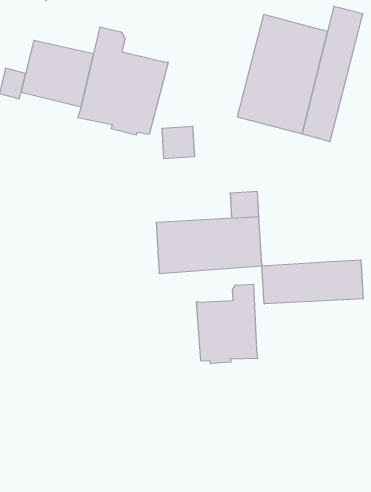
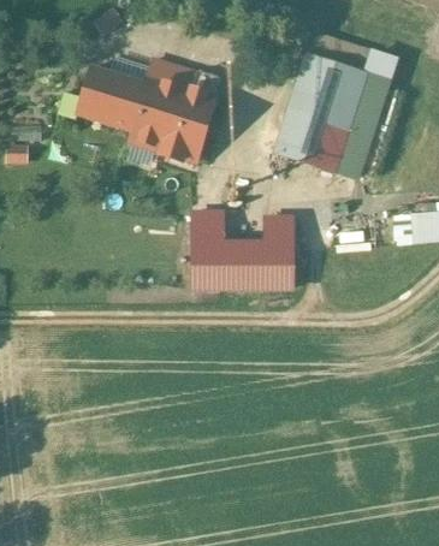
building: [162,126,195,158] -> [196,214,225,242]
building: [262,260,363,304] -> none
building: [196,284,258,364] -> none

